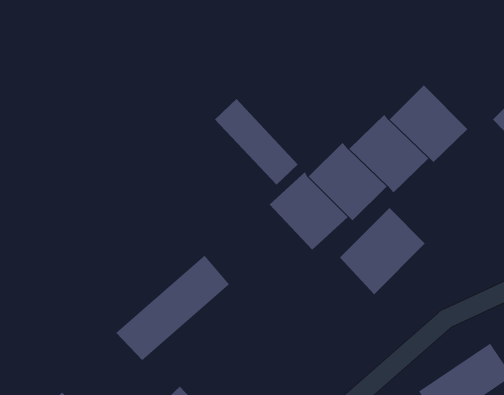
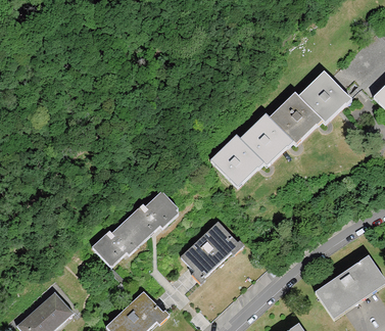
building: [214,98,299,186] -> none
building: [339,207,426,295] -> [178,220,241,284]

